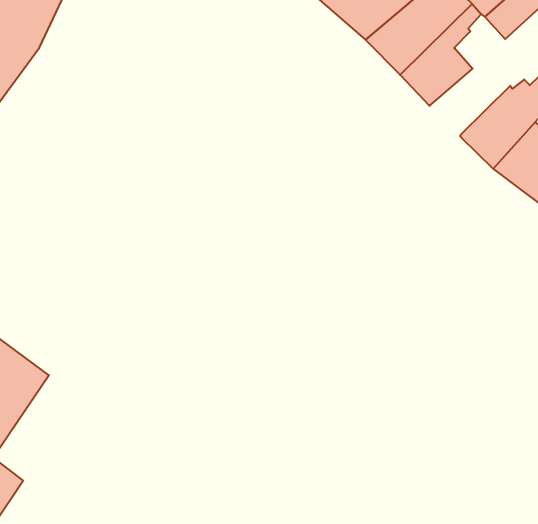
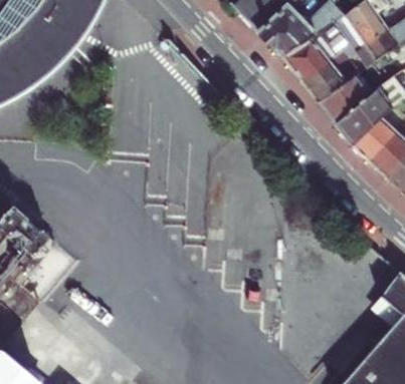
building: none -> [319,72,370,118]

